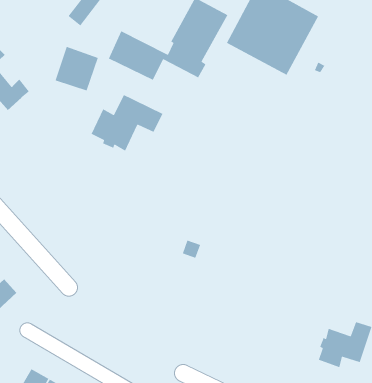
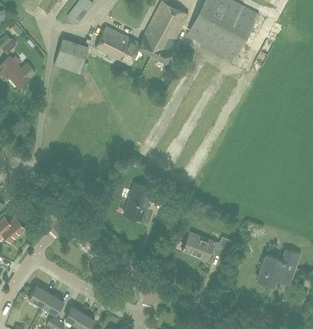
building: [91,93,164,152] -> none
building: none -> [124,183,151,220]
building: none -> [181,231,234,261]

